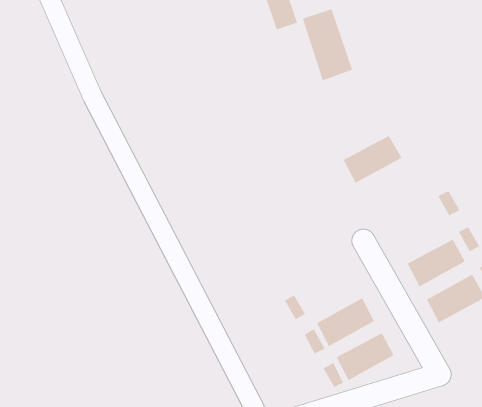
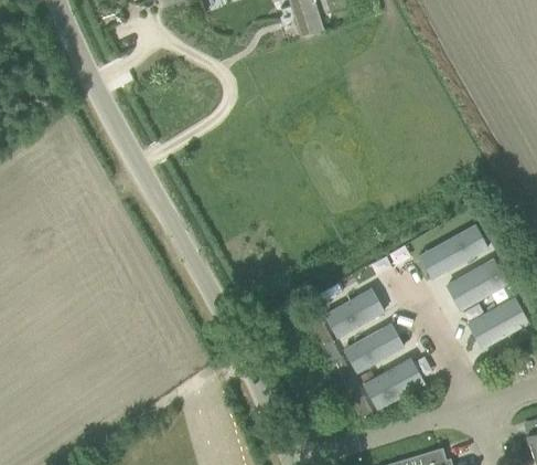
building: [302,8,353,81] -> none
building: [343,135,402,184] -> [419,222,483,274]
building: none -> [323,287,387,339]

